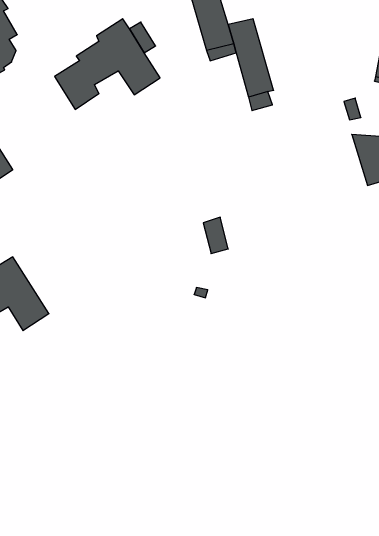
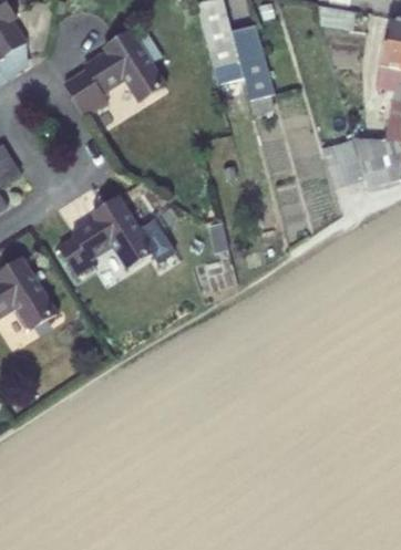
building: none -> [322,141,362,188]
building: none -> [59,197,175,269]

